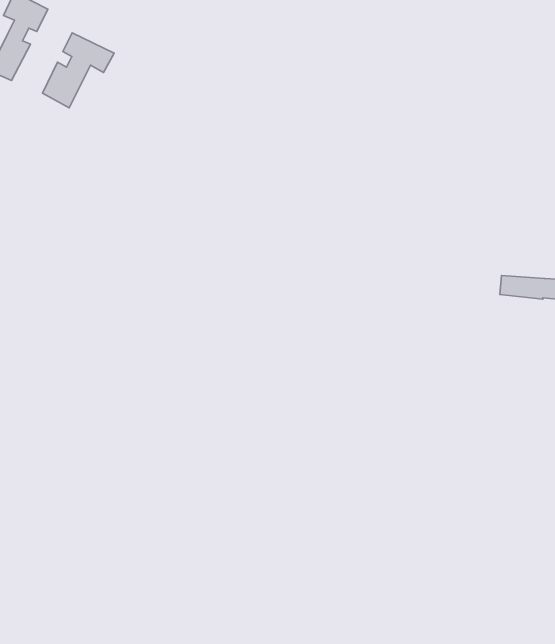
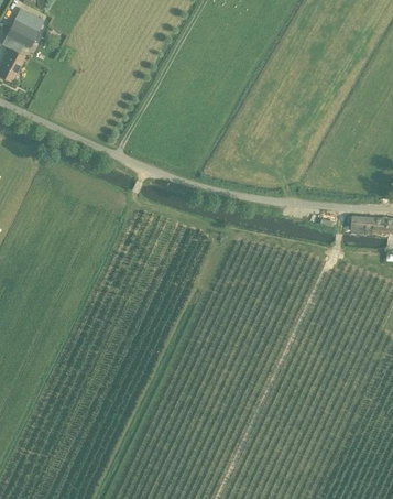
building: [43,33,114,108] -> none

